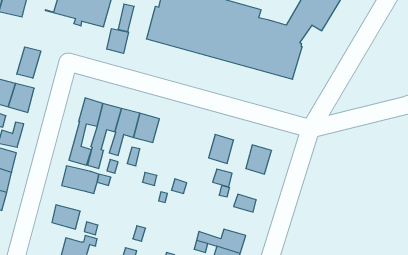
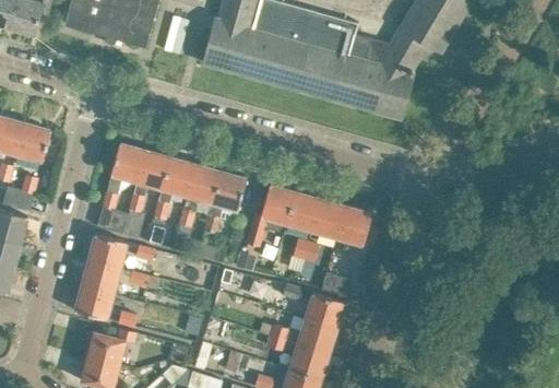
building: [107,29,129,53] -> none
building: [17,47,41,78] -> none
building: none -> [203,171,246,233]
building: none -> [247,184,295,245]
building: none -> [311,199,345,237]
building: none -> [80,260,147,295]
building: none -> [282,284,344,328]

